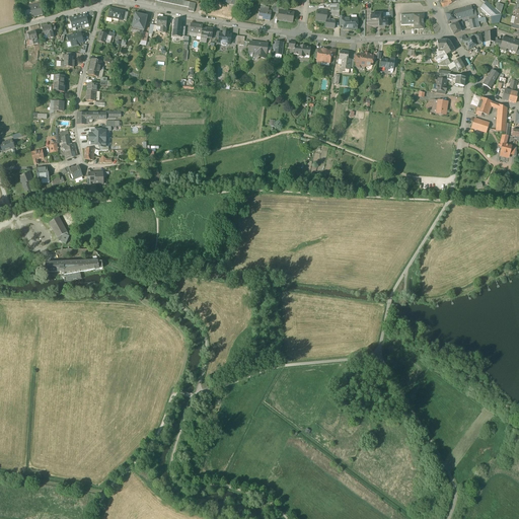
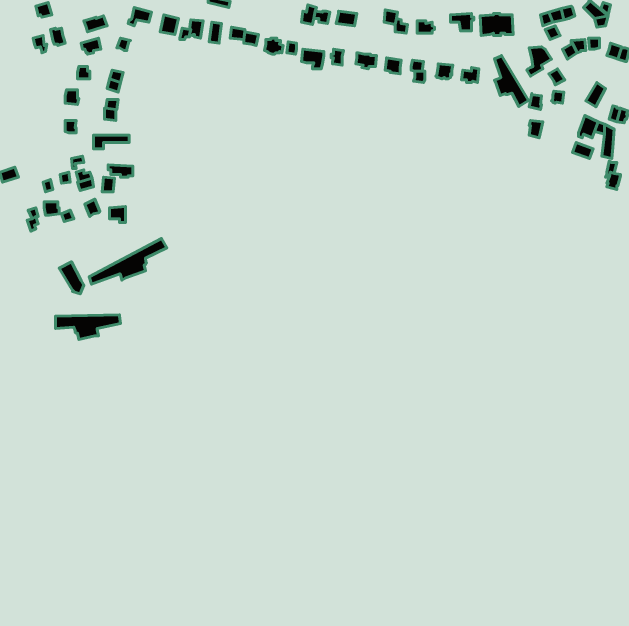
building: none -> [494,56,529,106]
building: none -> [89,238,167,284]

